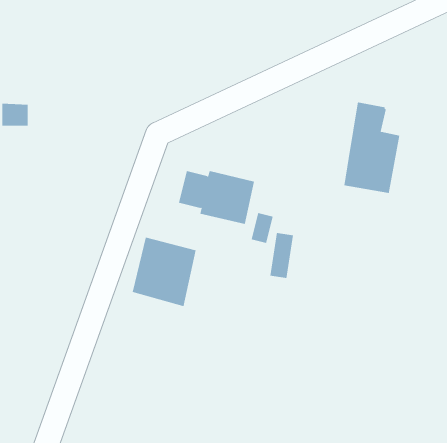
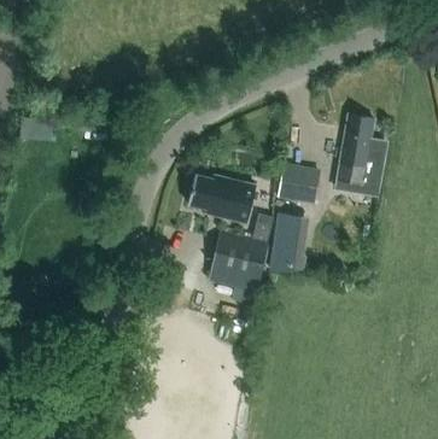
building: none -> [278,163,320,204]
building: [132,237,196,307] -> [209,232,267,294]

